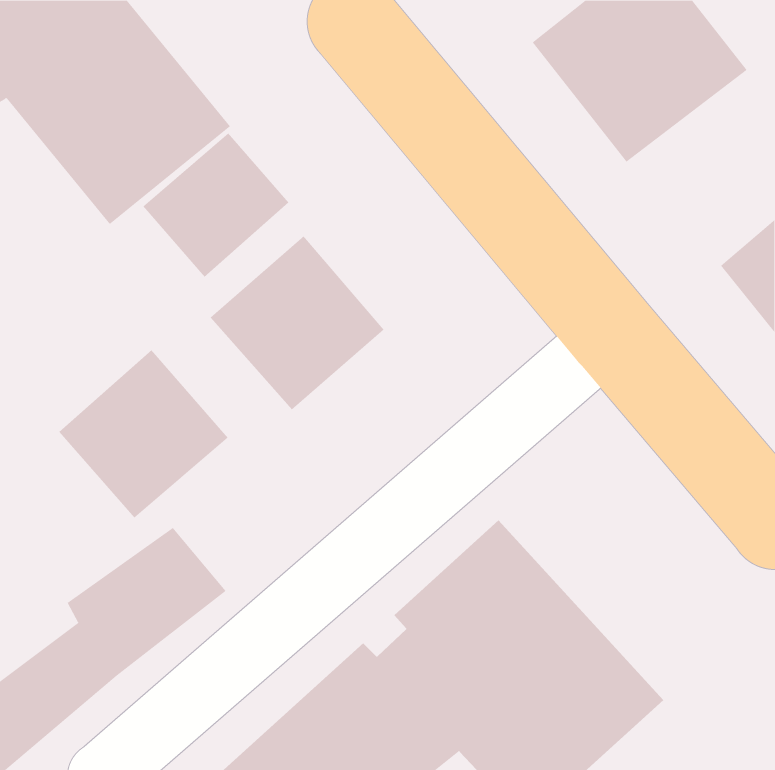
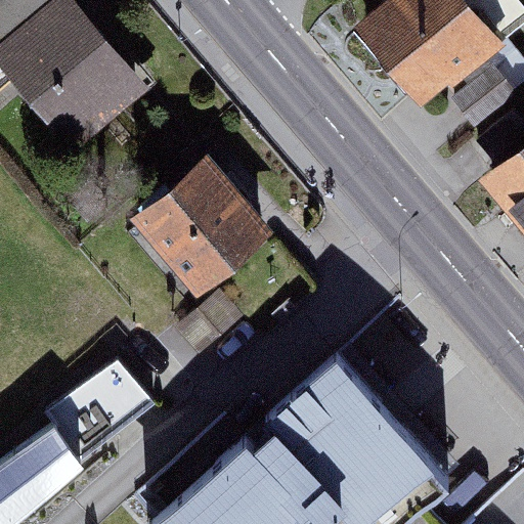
building: [143,133,289,277] -> none
building: [59,349,229,518] -> none

